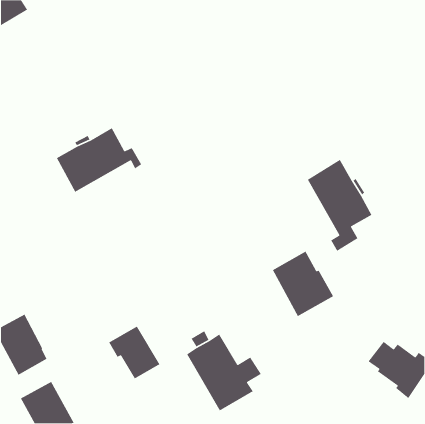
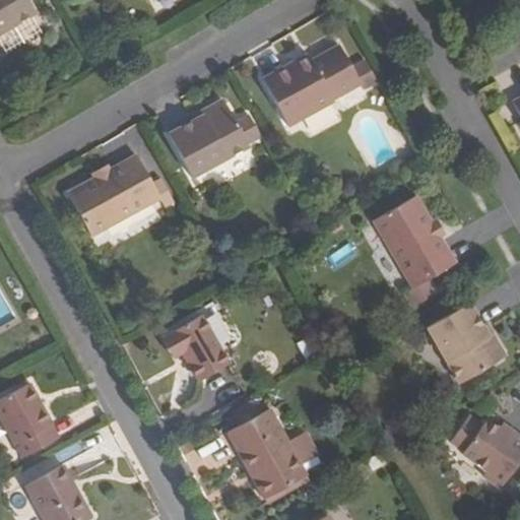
building: none -> [264,47,377,125]
building: none -> [170,101,261,176]
building: [272,251,334,317] -> [429,303,505,384]
building: [108,325,160,379] -> [165,316,229,382]

